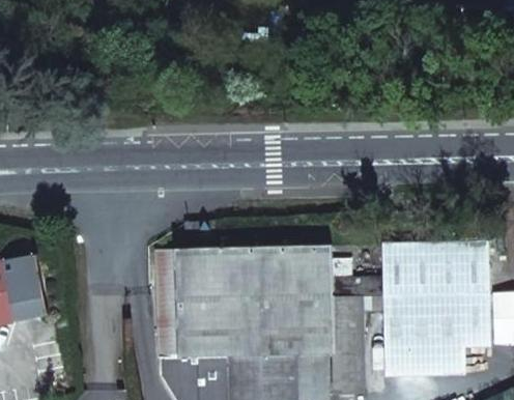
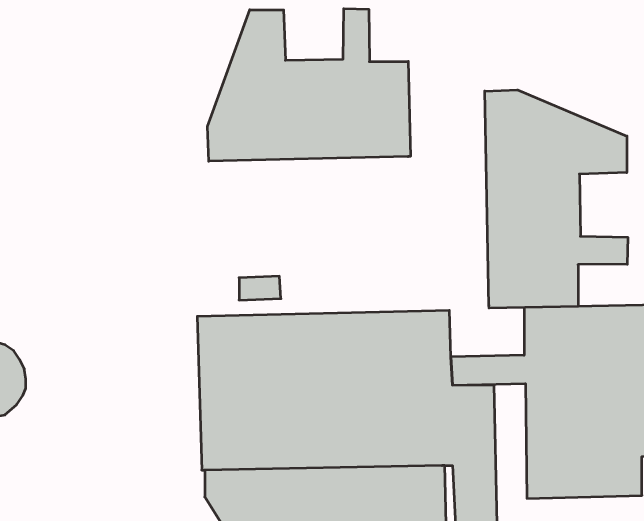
building: none -> [207,9,410,161]
building: none -> [485,90,628,308]

